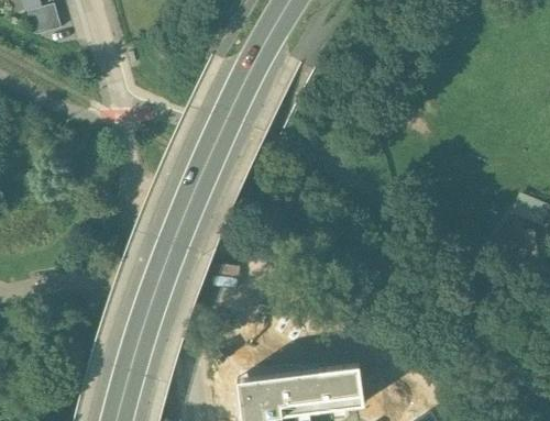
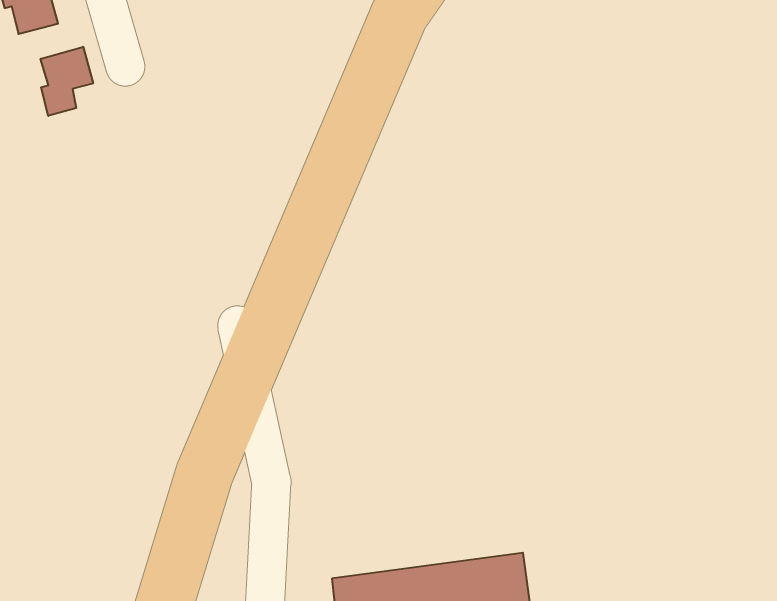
building: none -> [41,47,93,116]

